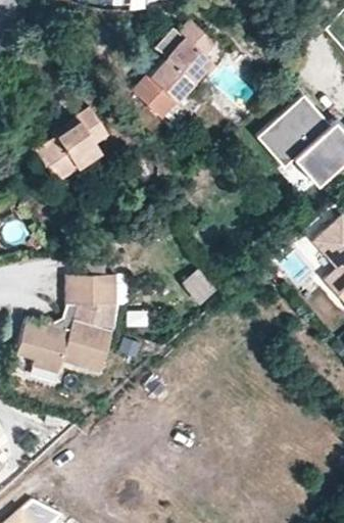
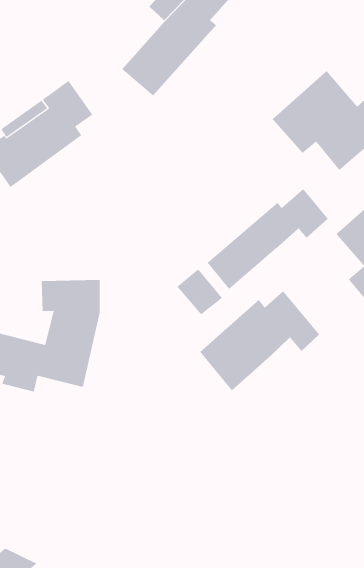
building: none -> [207,188,329,290]
building: none -> [199,291,320,391]

